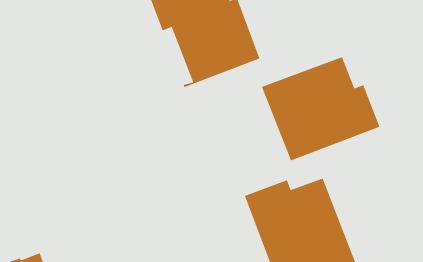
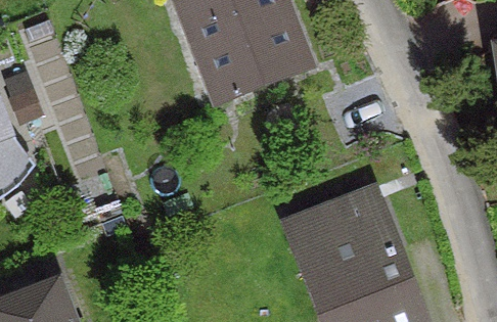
building: [261,56,380,161] -> none

